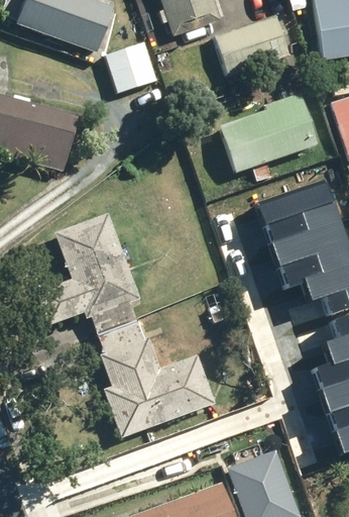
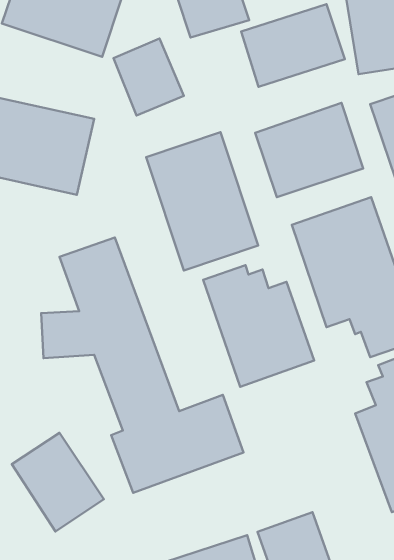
building: none -> [146,132,258,271]
building: none -> [203,265,314,387]
building: none -> [12,433,104,531]

